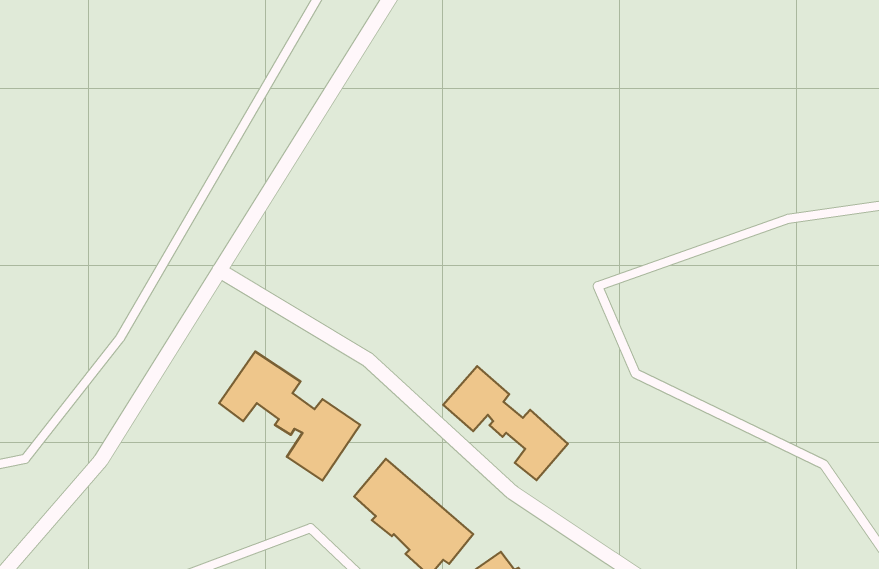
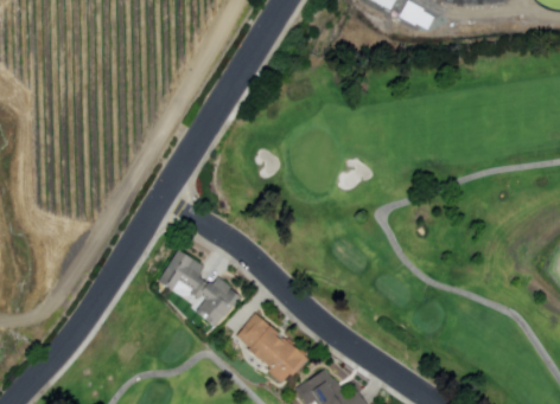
building: [443,366,568,480] -> none

